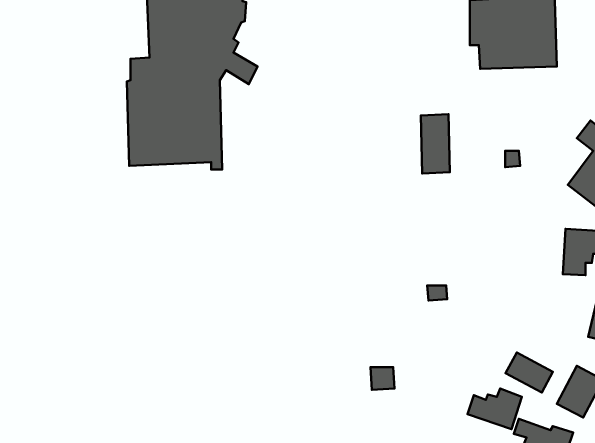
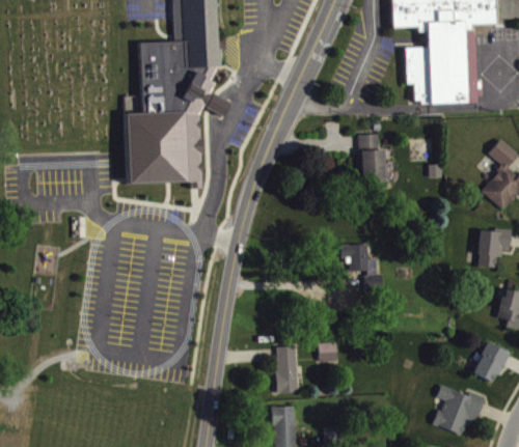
building: none -> [342,245,378,273]
building: [506,353,553,392] -> none
building: none -> [276,347,298,394]
building: [467,389,522,429] -> none

